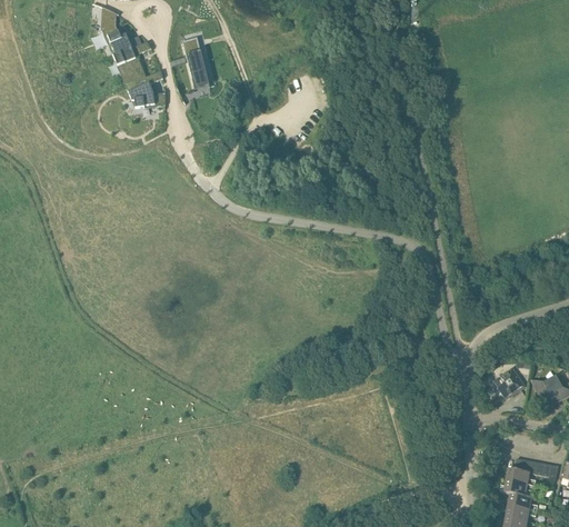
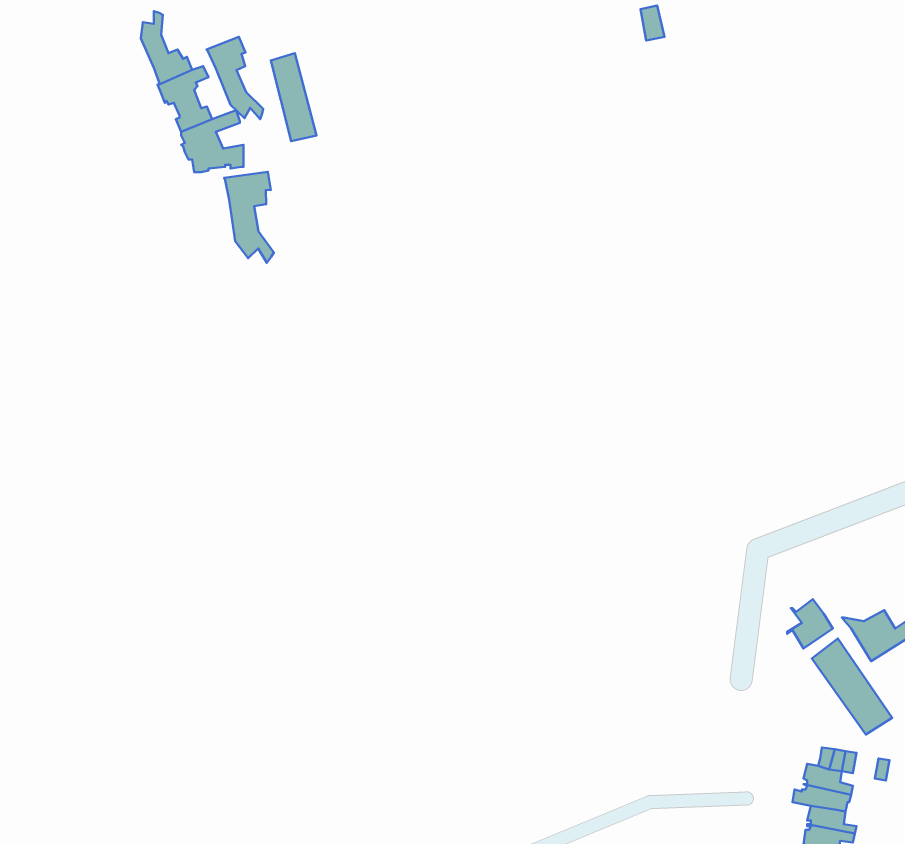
building: none -> [207,37,263,119]
building: none -> [224,172,274,263]
building: none -> [812,639,892,735]

